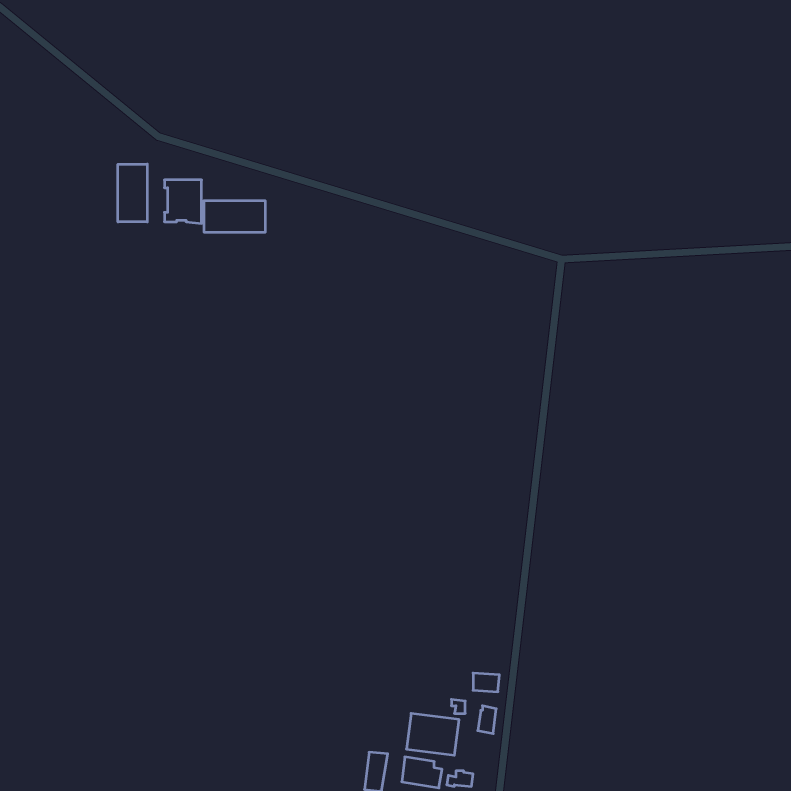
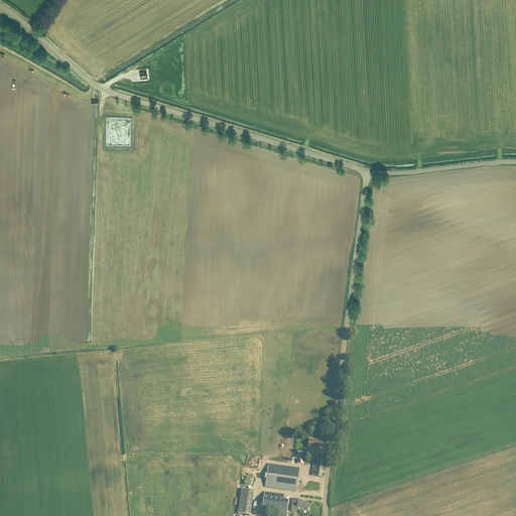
building: [118,164,147,222] -> none
building: [204,201,265,232] -> none

